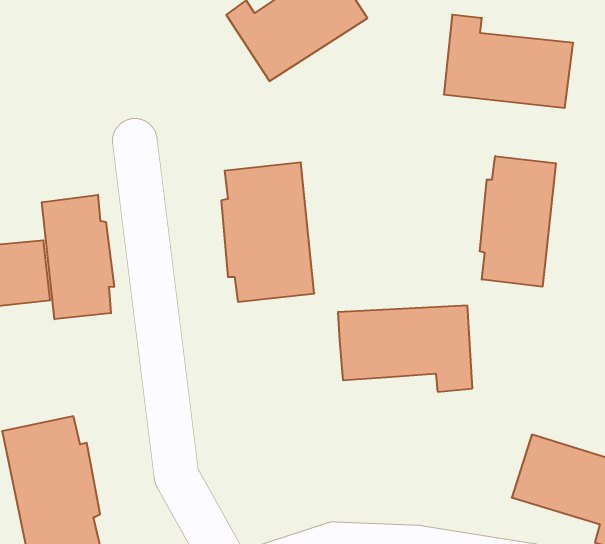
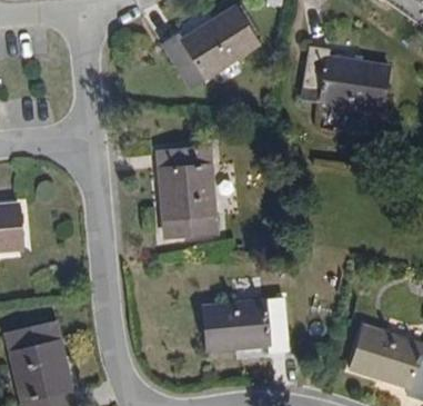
building: [480,156,556,287] -> none
building: [42,195,114,319] -> none
building: [338,306,472,392] -> [198,303,288,360]

